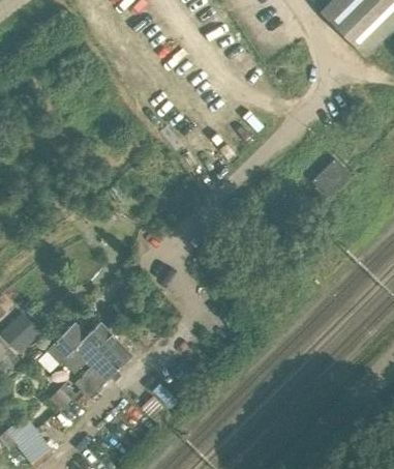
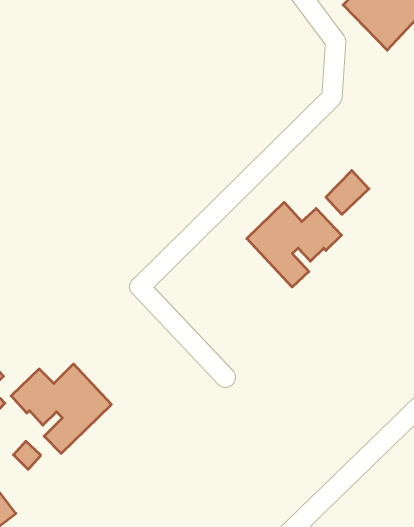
building: none -> [247,202,342,287]

